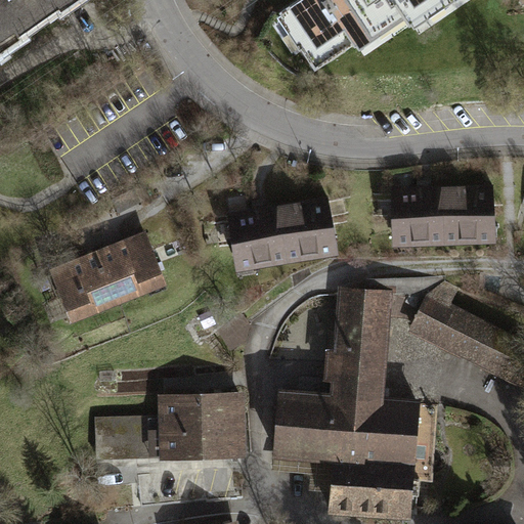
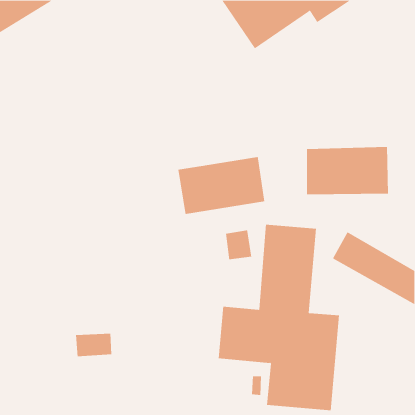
building: [47,237,156,321] -> none
building: none -> [225,229,252,260]
building: [157,392,248,455] -> none

